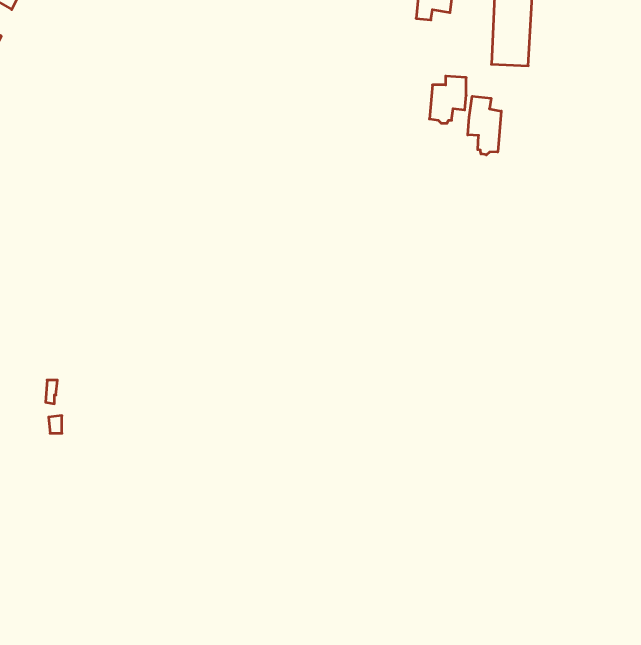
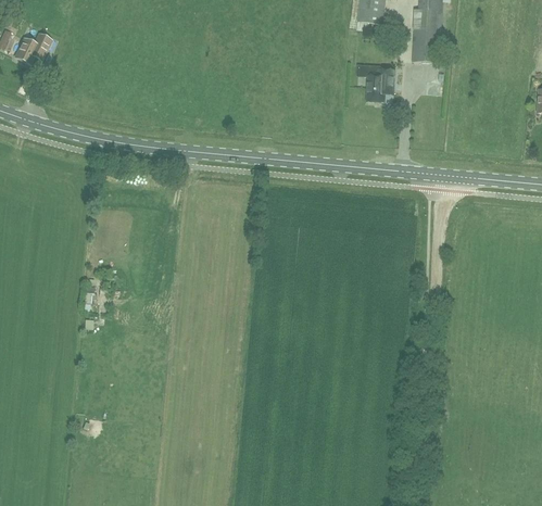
building: [468,96,501,155] -> none

